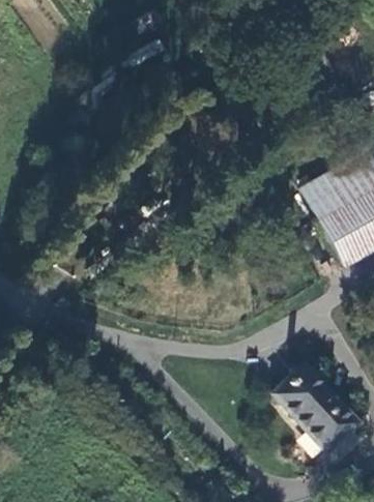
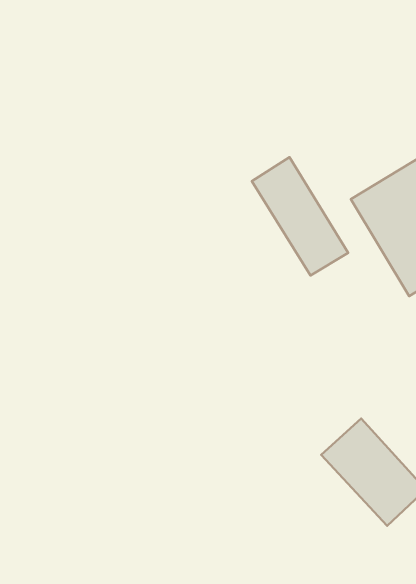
building: none -> [252,157,348,275]

